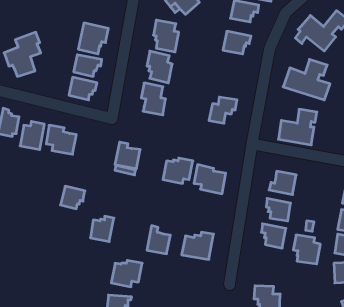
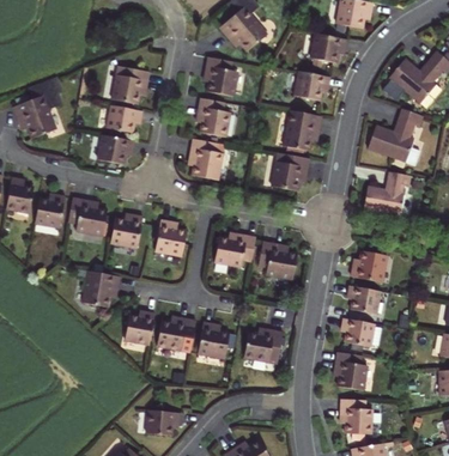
building: none -> [281,114,320,153]
building: none -> [110,209,142,243]
building: [293,235,320,264] -> [334,353,369,390]
building: [111,260,142,287] -> [156,317,195,351]

